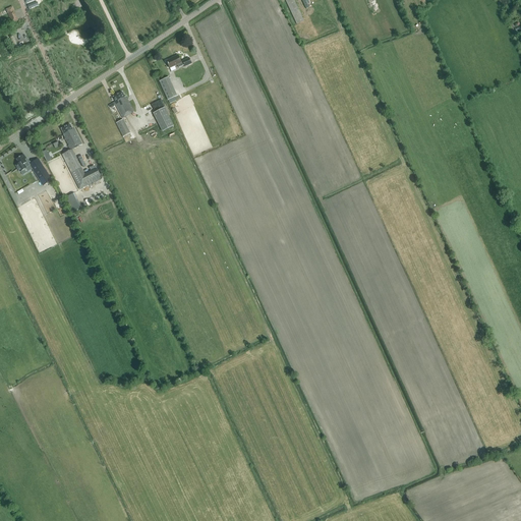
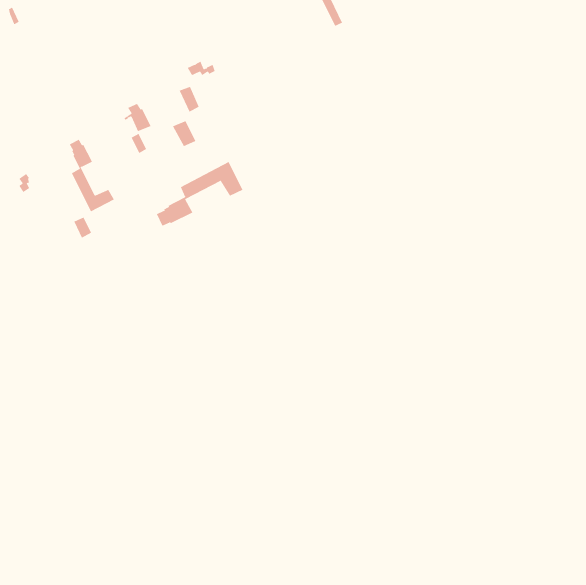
building: none -> [156,161,243,226]

